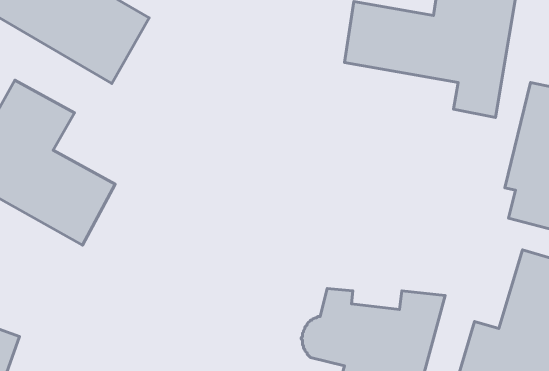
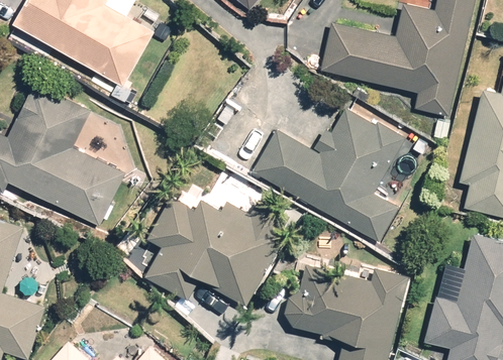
building: none -> [254,104,405,245]
building: none -> [145,196,290,307]

